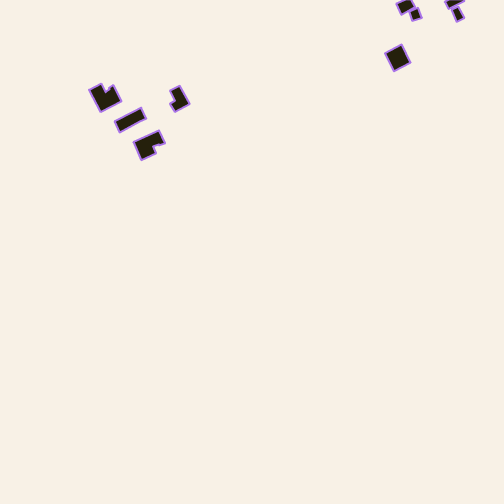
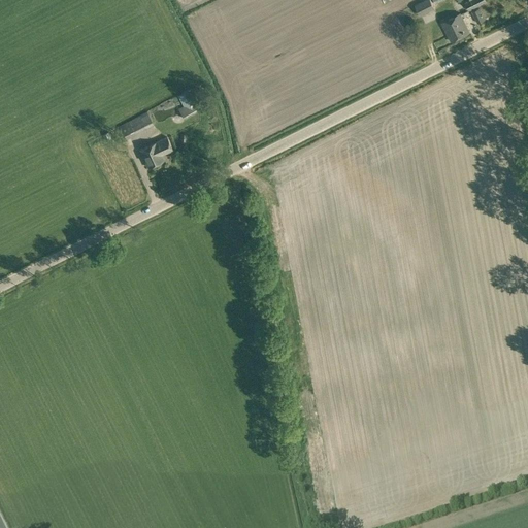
building: [385,45,411,71] -> [441,12,468,40]
building: [89,84,121,112] -> none

